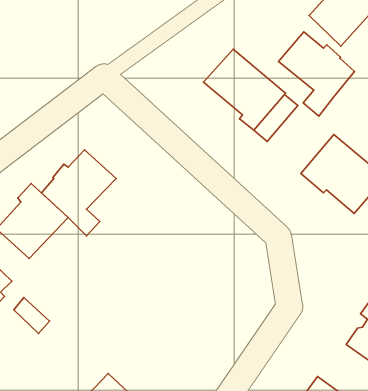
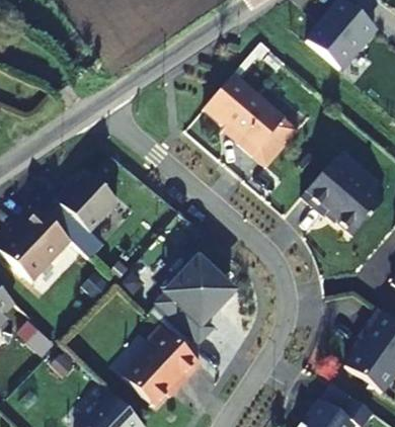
building: [278,32,355,116] -> none
building: none -> [157,259,231,341]
building: none -> [124,325,201,405]

